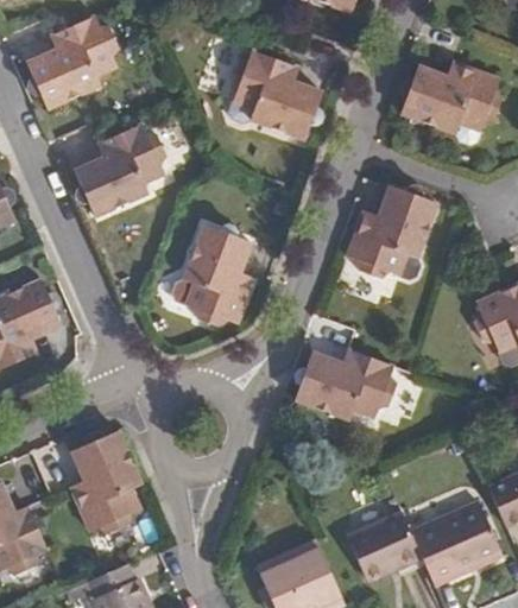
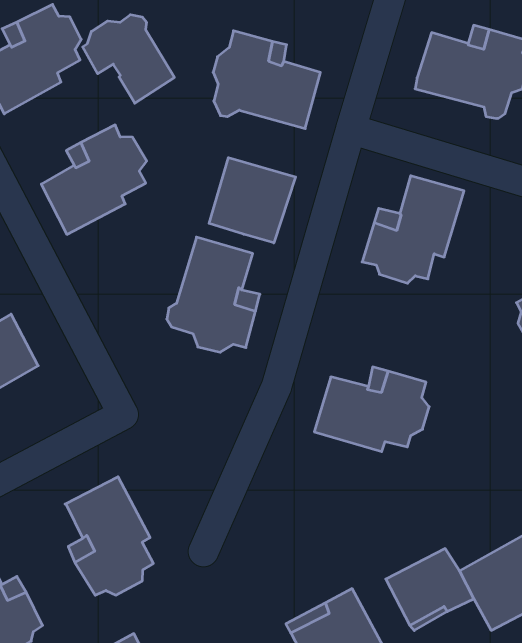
building: none -> [83,15,174,103]
building: none -> [209,158,296,243]

